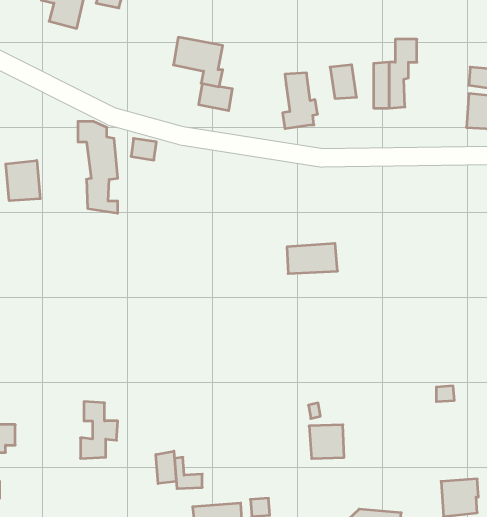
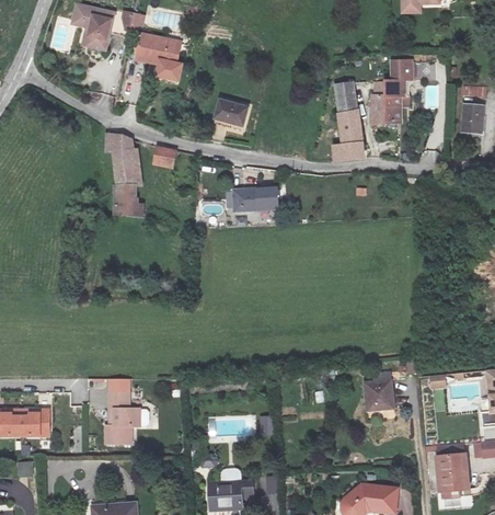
building: [173,37,223,87] -> [137,34,182,79]
building: [283,73,318,129] -> [336,111,368,161]
building: [6,160,40,201] -> none
building: [287,243,338,274] -> [235,186,281,214]
building: [309,425,344,459] -> [360,380,392,411]
building: [156,451,176,484] -> none

